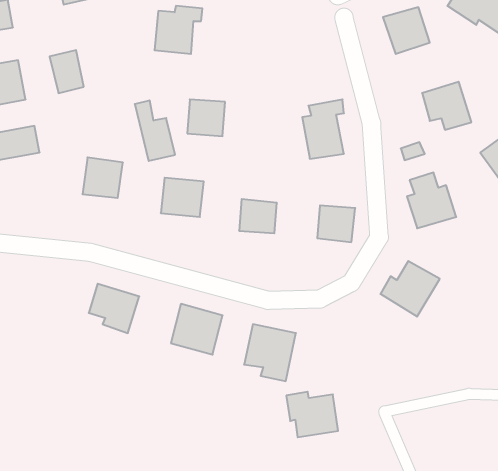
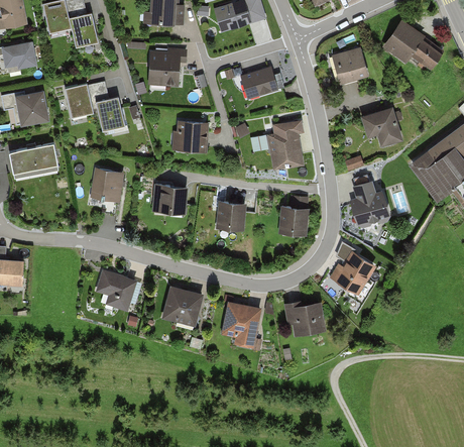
building: none -> [242,67,277,98]
building: [135,100,175,161] -> [93,82,125,130]
building: [286,392,338,437] -> [284,300,326,336]

